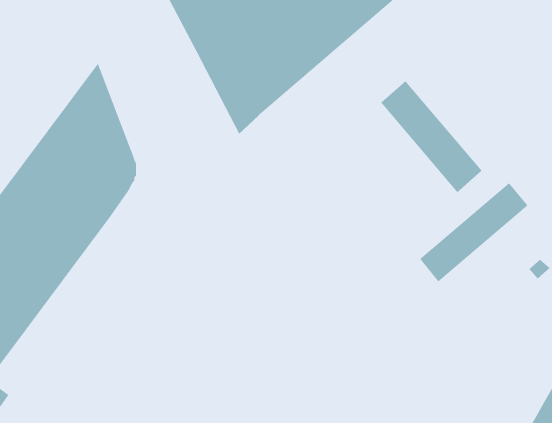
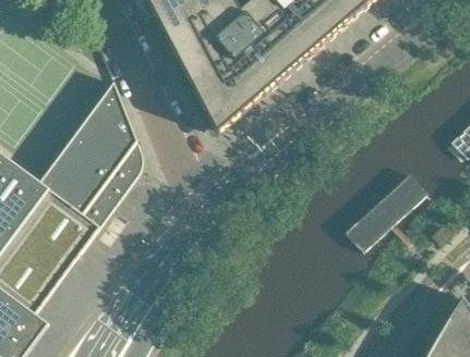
building: [380,80,483,193] -> none

